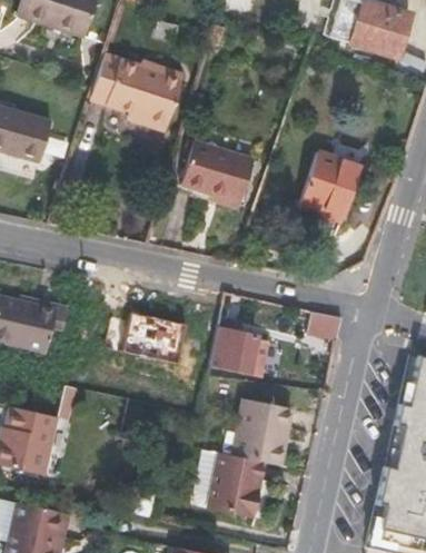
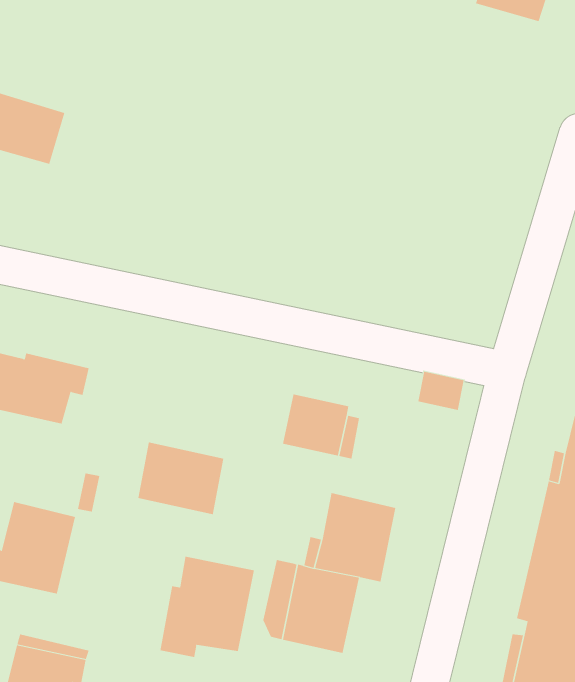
building: [90,53,184,129] -> none
building: [181,141,252,207] -> none
building: [299,157,358,221] -> none
building: [125,312,188,365] -> [138,442,224,515]
building: none -> [160,556,255,658]

